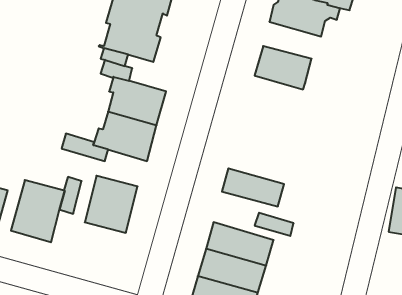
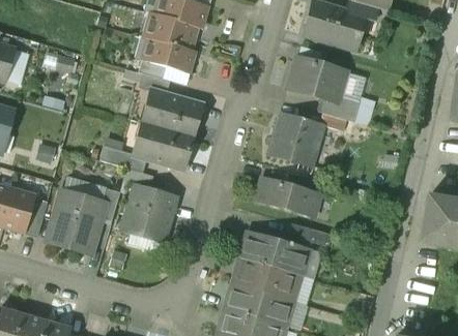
building: none -> [321,95,359,121]
building: none -> [269,116,321,165]

